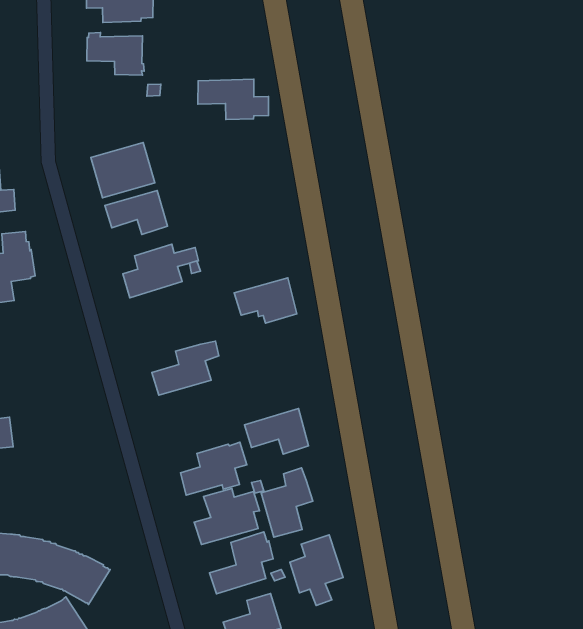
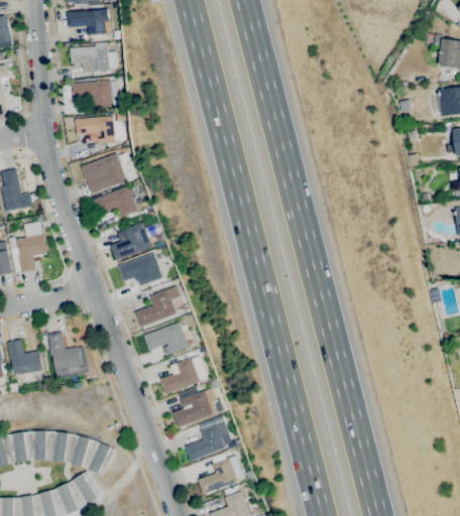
building: [198,79,268,120] -> [76,115,126,144]
building: [234,278,297,323] -> [118,253,162,285]
building: none -> [46,332,90,379]
building: [245,409,309,454] -> [143,321,189,354]
building: [261,468,313,537] -> none
building: [290,535,343,606] -> none

